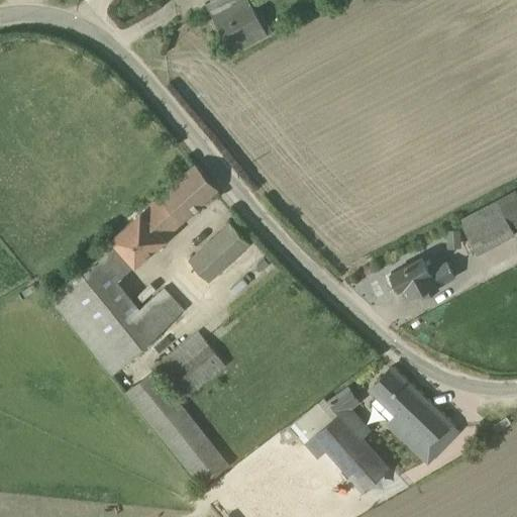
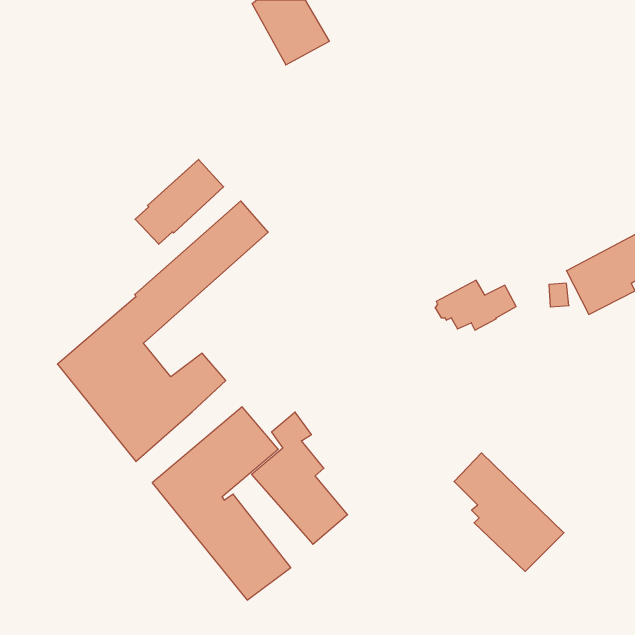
building: [179,223,250,292] -> [135,159,224,244]
building: [391,257,456,298] -> [435,280,516,330]
building: [313,386,391,493] -> [252,412,348,544]

